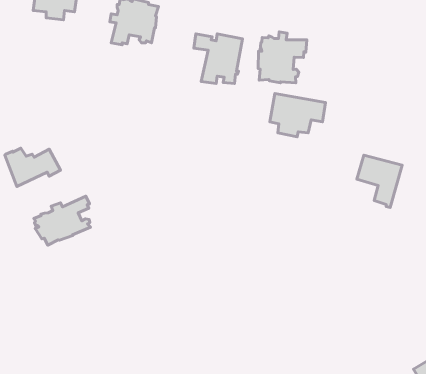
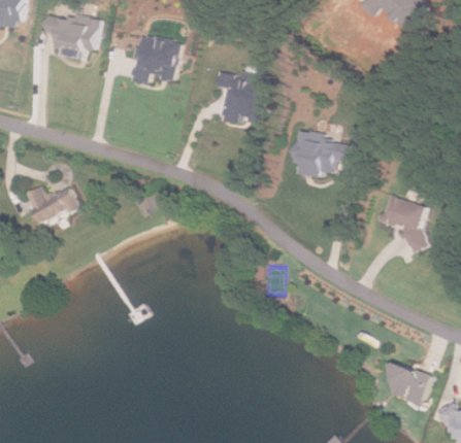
building: [258,32,307,83] -> none
building: [34,196,90,245] -> none
building: none -> [393,364,434,408]

